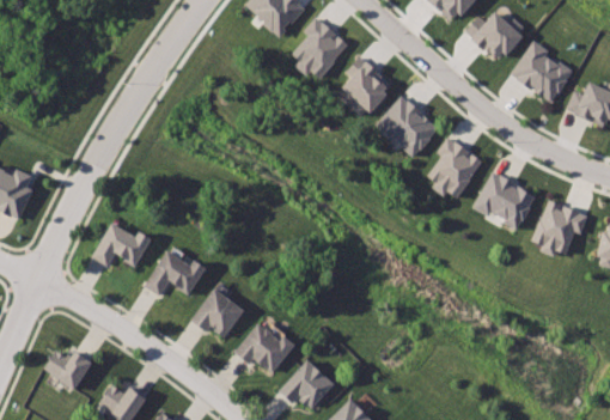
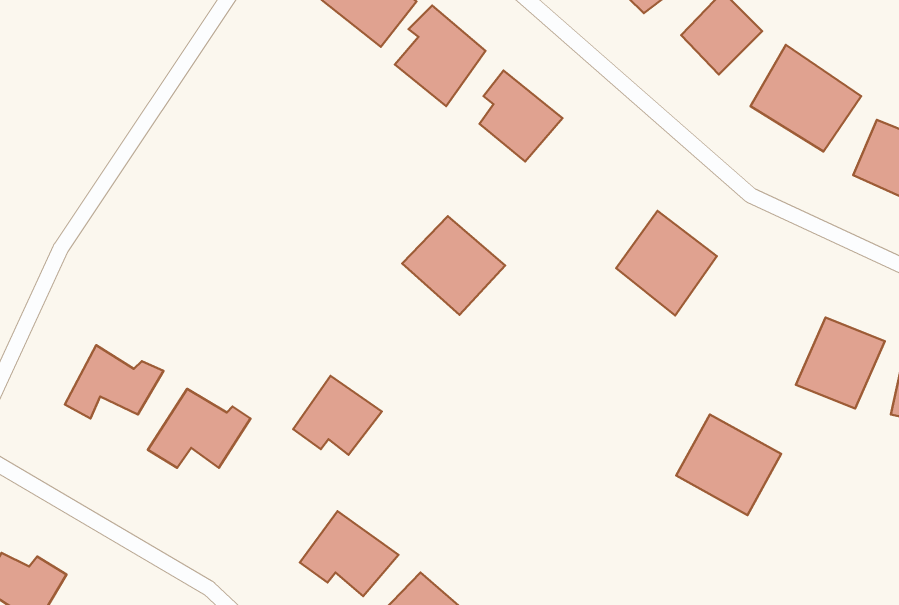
building: [378,96,440,156] -> [402,216,505,315]
building: [481,175,544,236] -> [676,414,781,515]
building: [194,287,248,335] -> [293,376,382,455]

